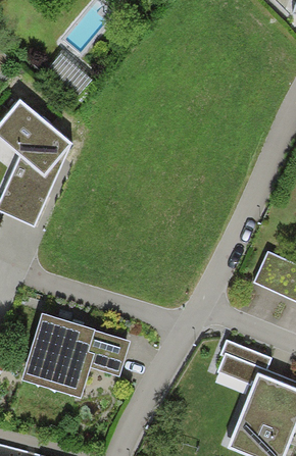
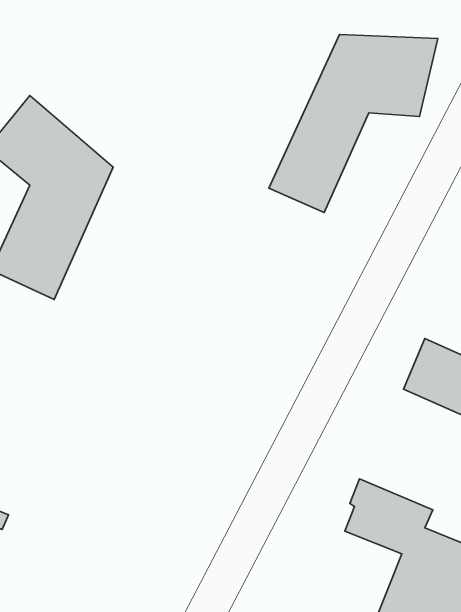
building: none -> [269,34,438,213]
building: [20,312,130,398] -> none

